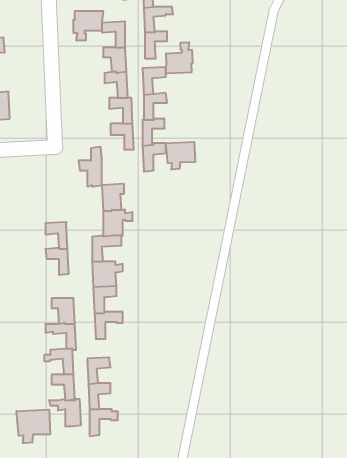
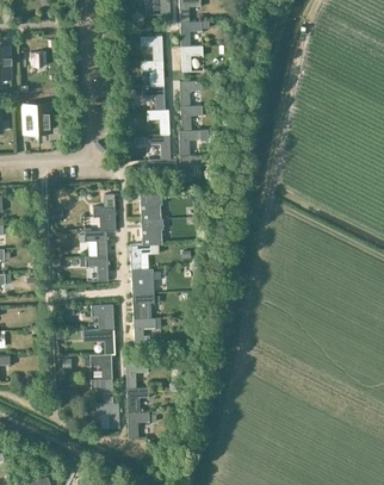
building: [74,11,103,41] -> none
building: [166,42,192,74] -> none
building: [166,142,195,170] -> none
building: [79,147,102,186] -> [92,194,114,232]
building: [16,410,50,443] -> none

